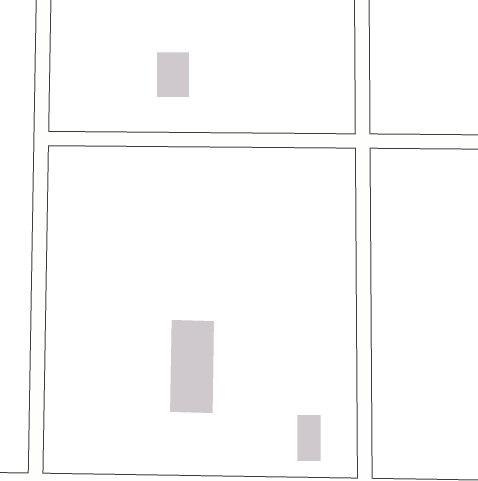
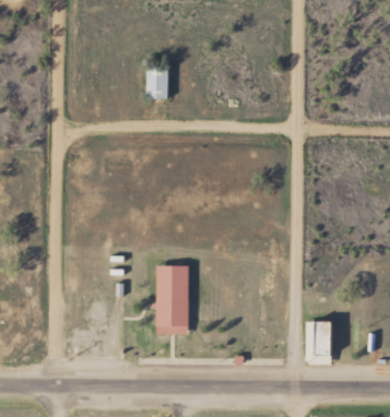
building: [297,414,322,461] -> [312,322,331,357]

